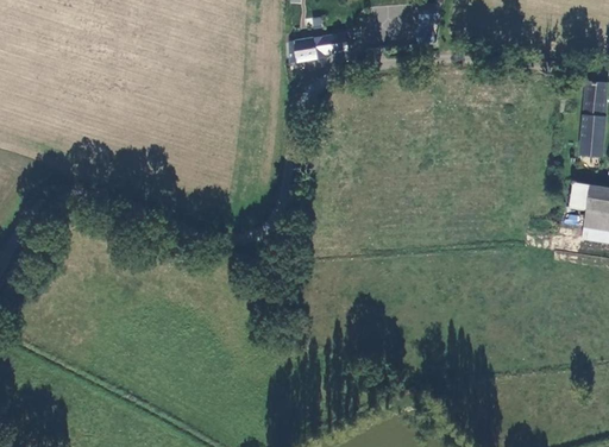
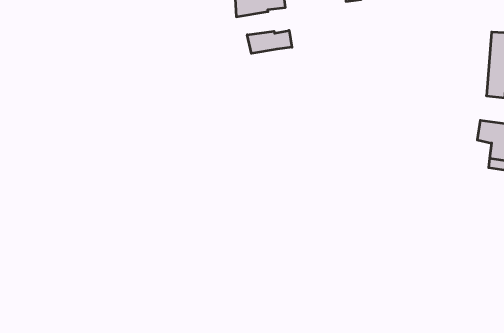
building: none -> [247,30,292,53]

